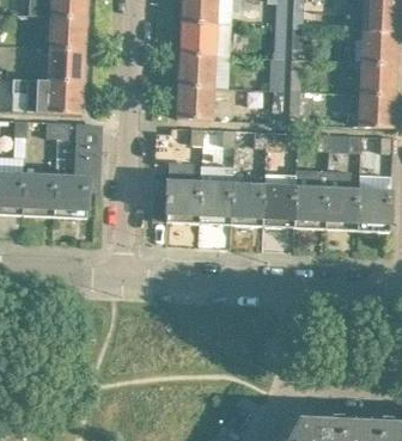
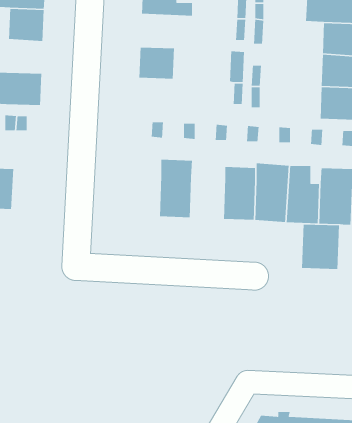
building: [179,20,232,55] -> none
building: [48,45,84,79] -> none
building: [176,84,213,118] -> none
building: [53,123,99,216] -> none
building: [165,163,200,221] -> none
building: [230,182,263,223] -> none
building: none -> [301,224,340,270]

